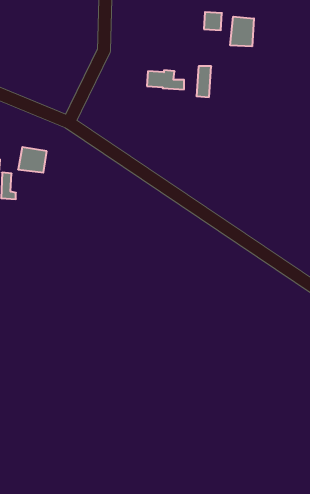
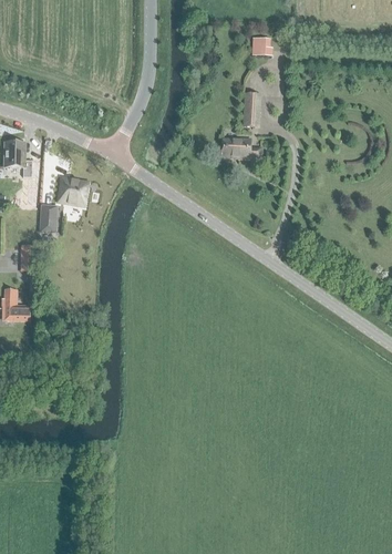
building: [230,17,254,46] -> none
building: [147,70,184,89] -> [221,137,260,157]

